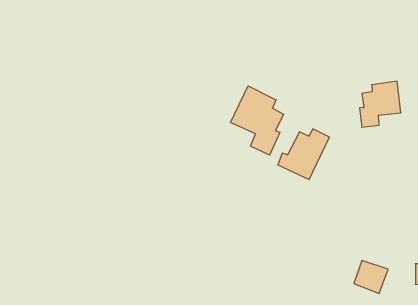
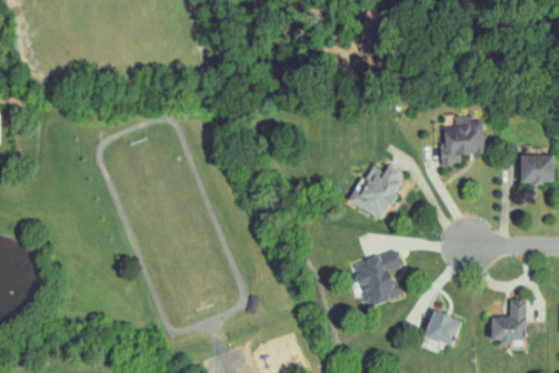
building: [231,86,283,155] -> none
building: none -> [352,250,400,308]

